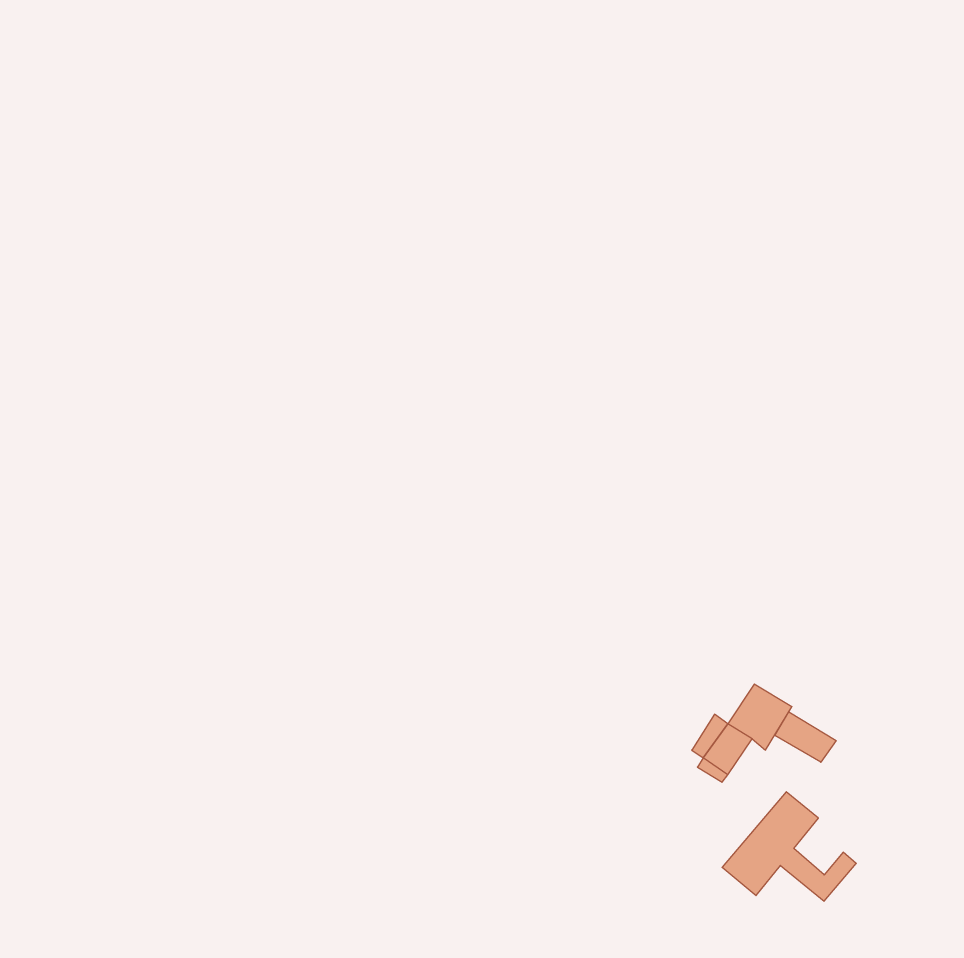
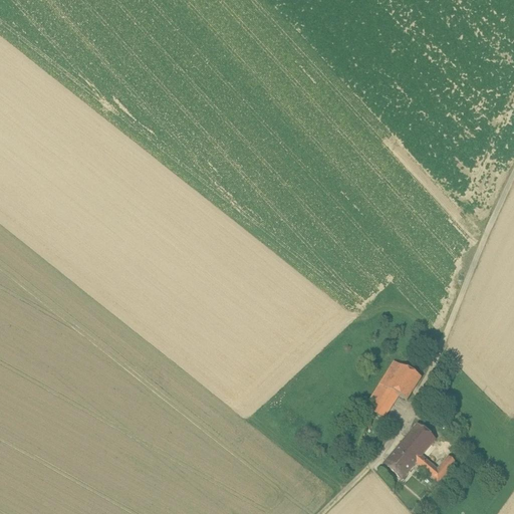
building: [775,712,836,762] -> none

